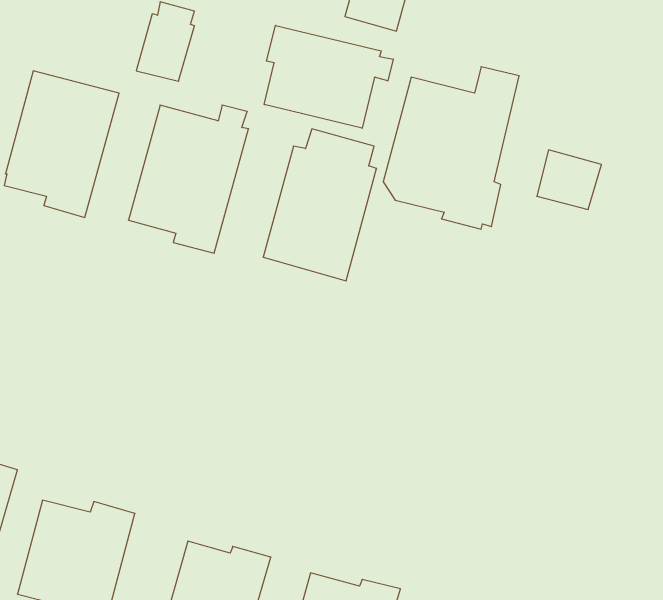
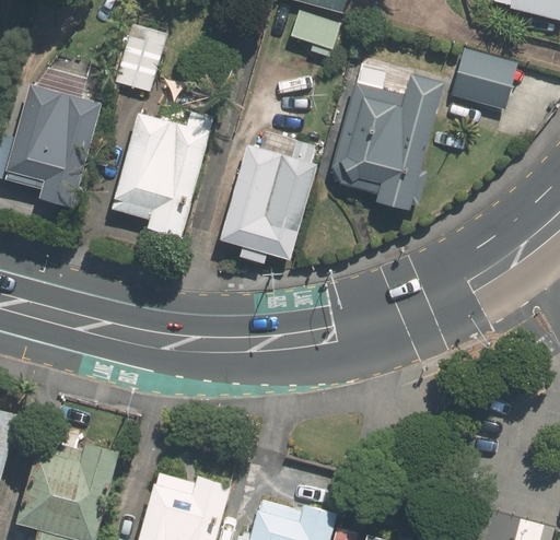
building: [264,25,393,128] -> none
building: [537,150,601,209] -> [472,62,526,111]

